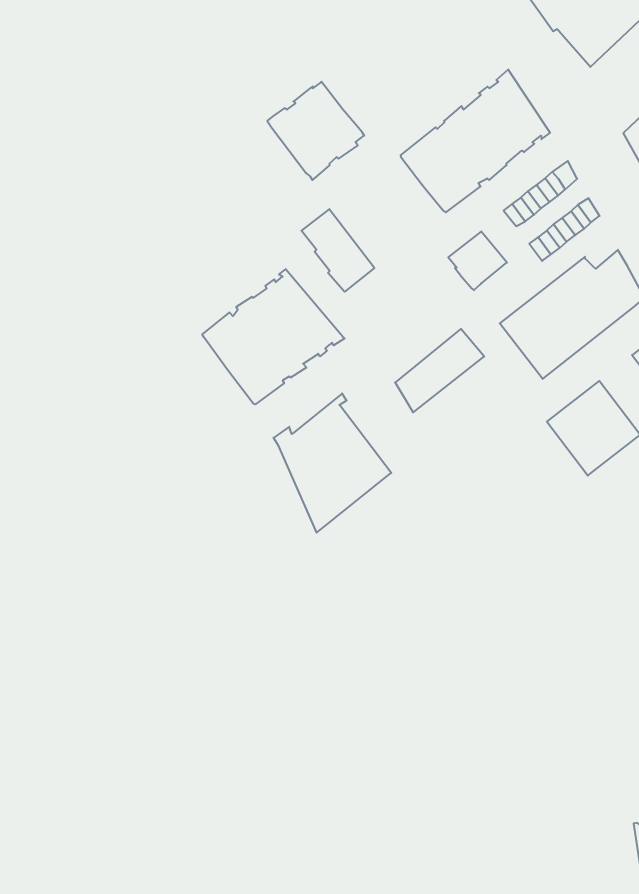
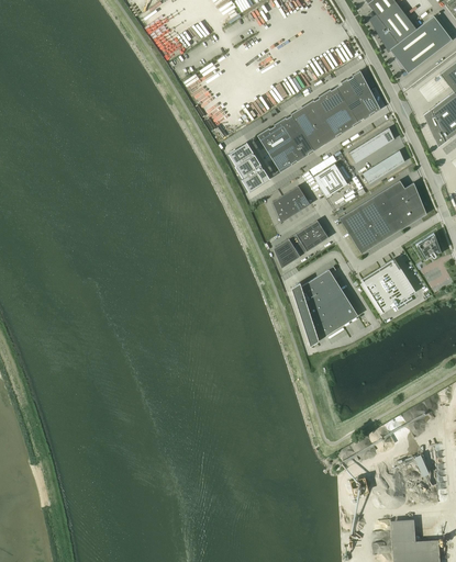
building: [267,82,364,180] -> [258,115,314,172]
building: [202,269,345,404] -> none
building: none -> [274,186,311,222]
building: [273,393,391,533] -> [291,266,358,346]

